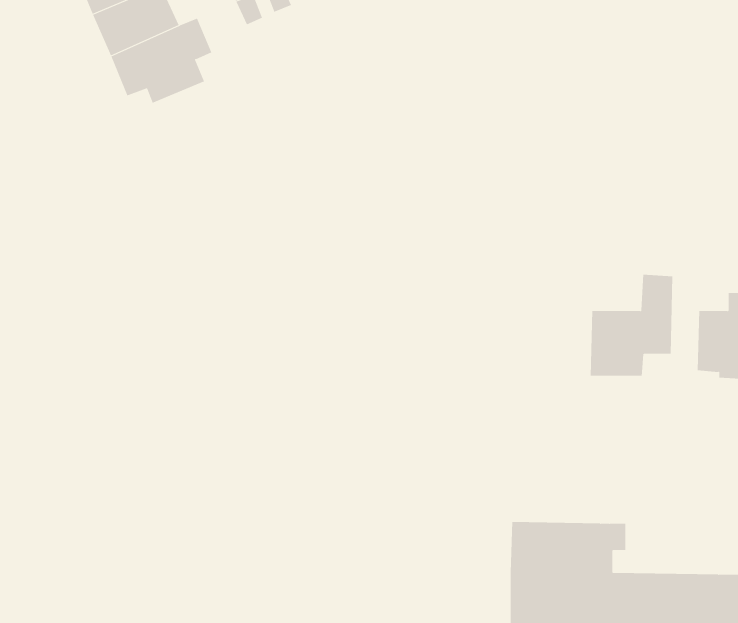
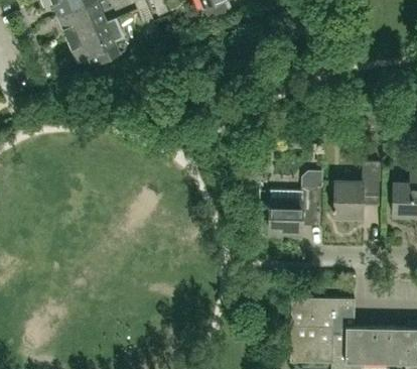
building: none -> [266,170,322,232]

